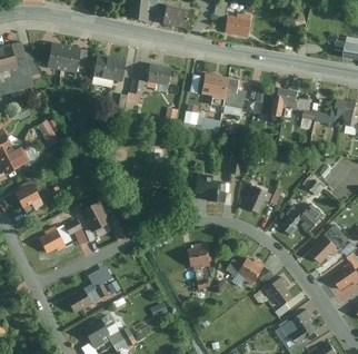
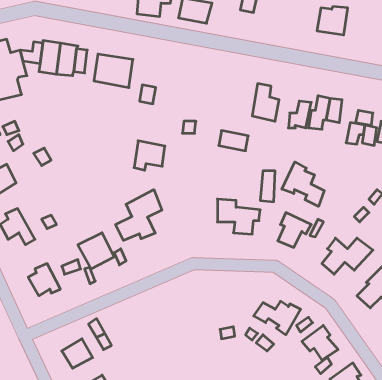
building: [225,13,250,37] -> [317,7,348,35]
building: [146,62,171,87] -> [134,141,165,170]
building: [201,72,228,97] -> none
building: none -> [282,162,324,206]
building: none -> [116,190,162,240]
building: [187,242,209,269] -> none

